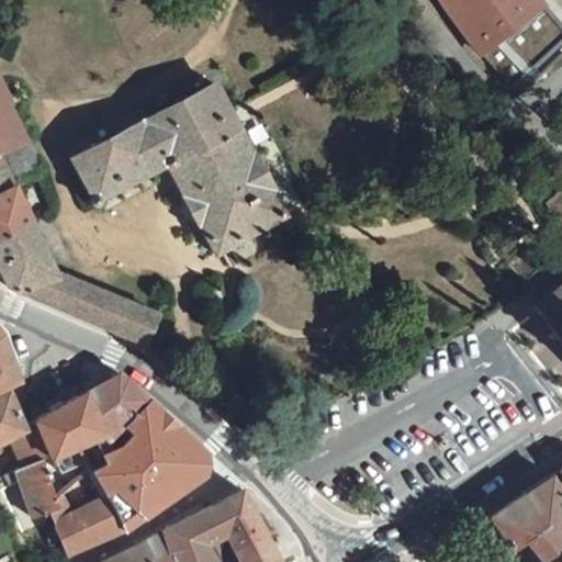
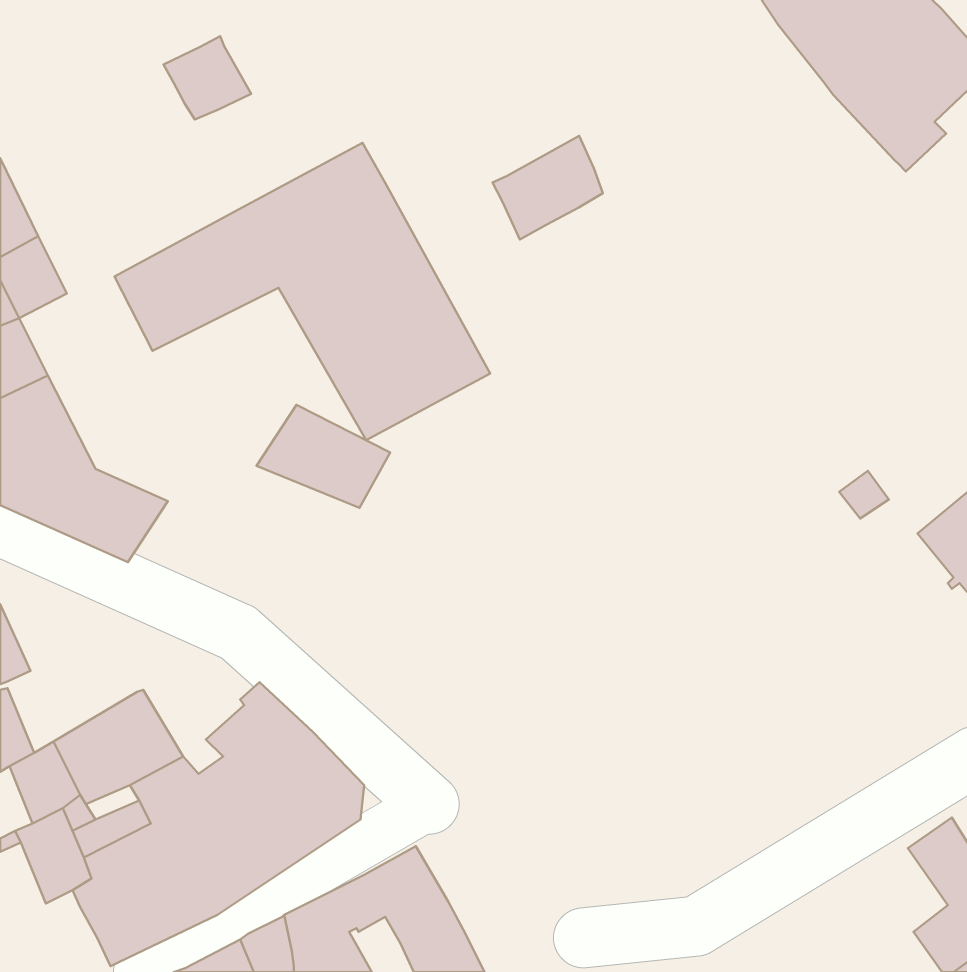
building: none -> [164,36,251,119]
building: none -> [493,136,603,239]
building: [78,289,155,348] -> [257,405,390,508]
building: [87,379,145,438] -> none
building: [493,488,550,544] -> none

